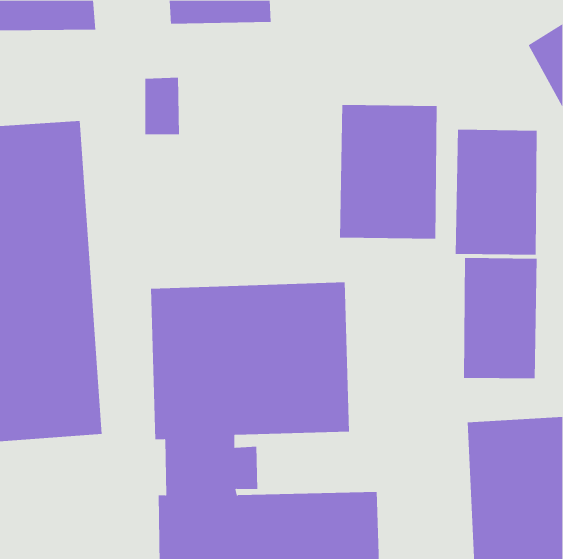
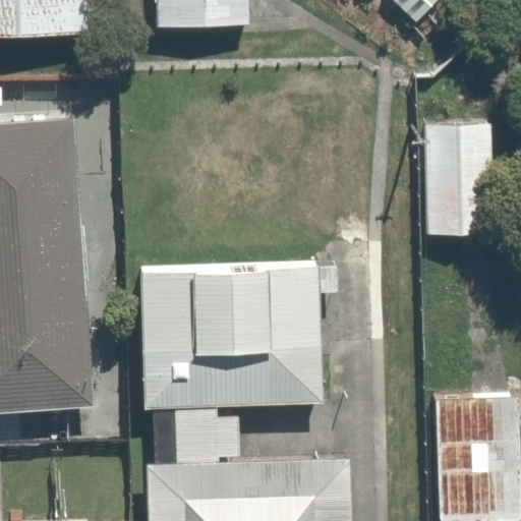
building: [339,104,437,239] -> none
building: [463,257,537,379] -> none

